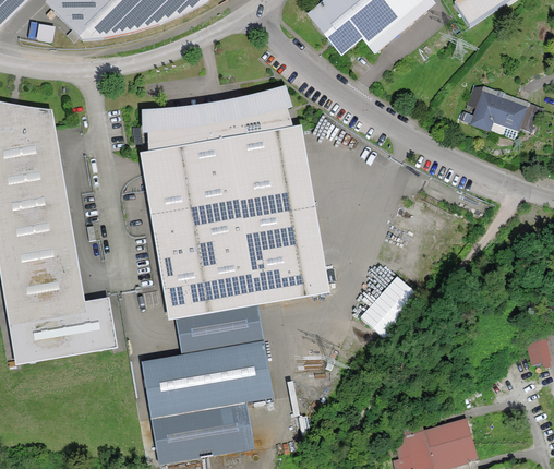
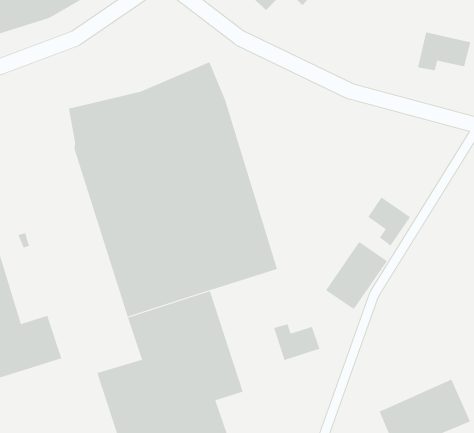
building: none -> [368,196,411,246]
building: none -> [273,324,320,361]

